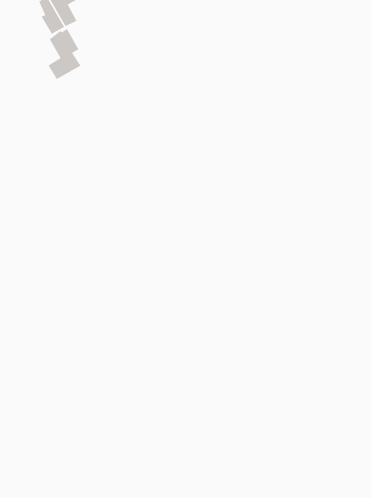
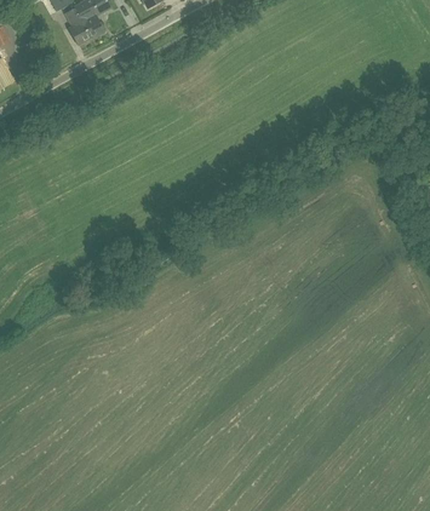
building: [47,28,81,80] -> none

